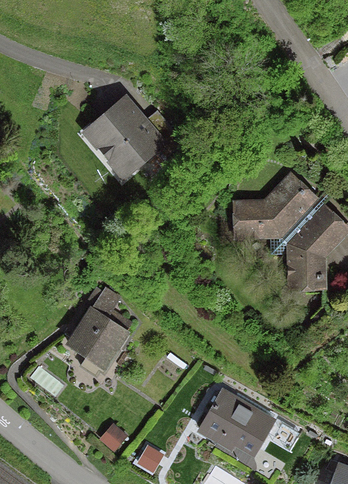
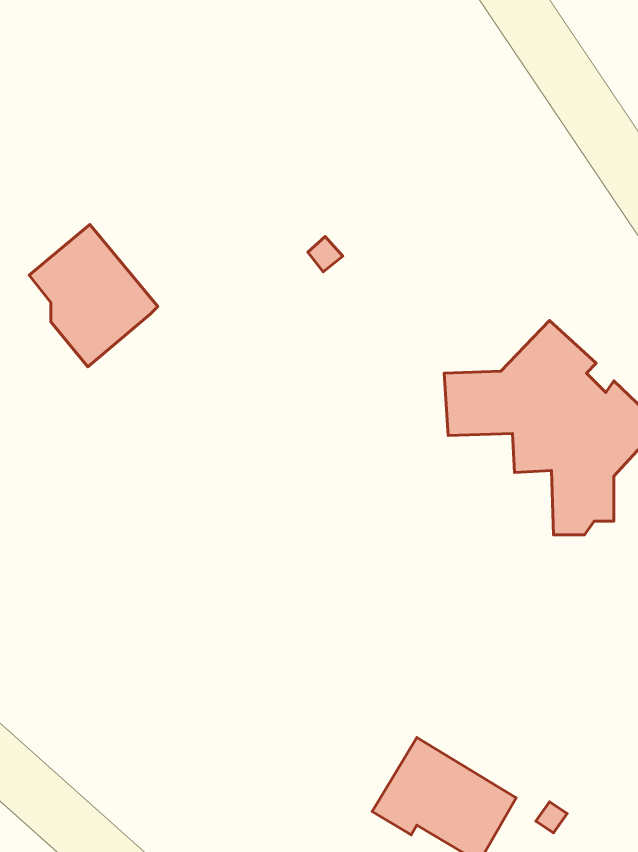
building: [94,100,160,173] -> [29,225,158,367]
building: [69,290,130,376] -> none

